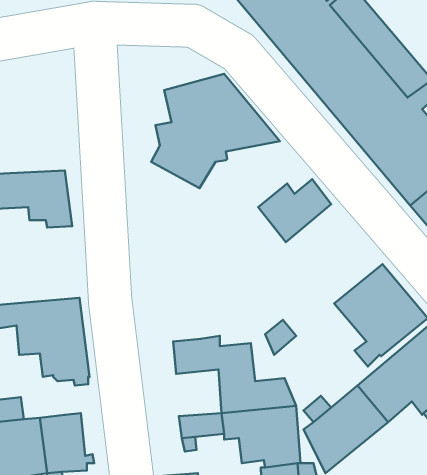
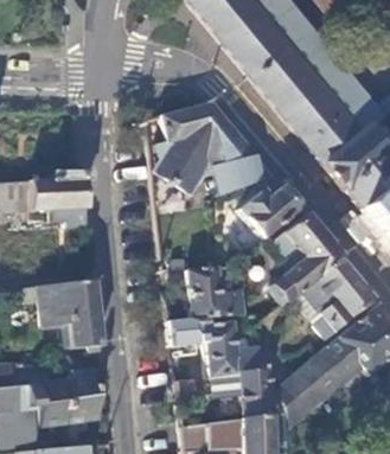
building: none -> [212,155,270,194]
building: none -> [270,215,339,301]
building: none -> [164,266,244,315]

